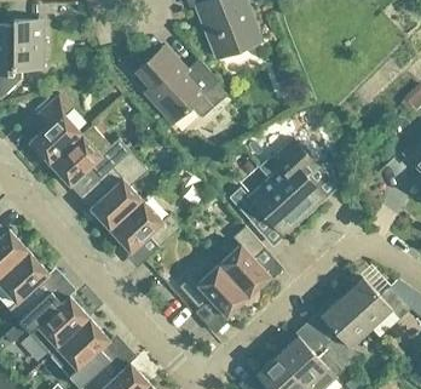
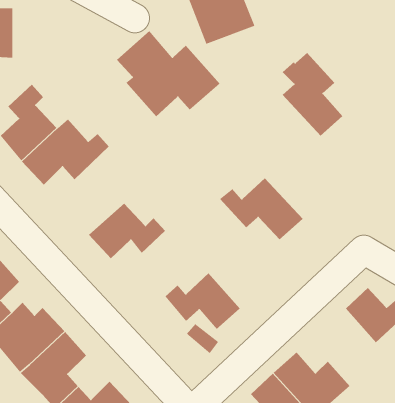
building: [270,139,325,216] -> [282,52,343,136]
building: [91,150,148,230] -> none
building: [219,225,270,297] -> none
building: [321,297,370,367] -> none

